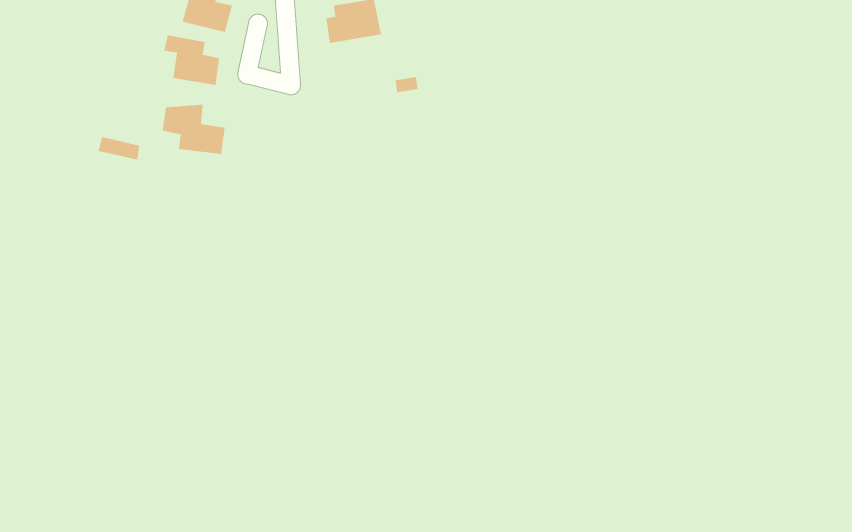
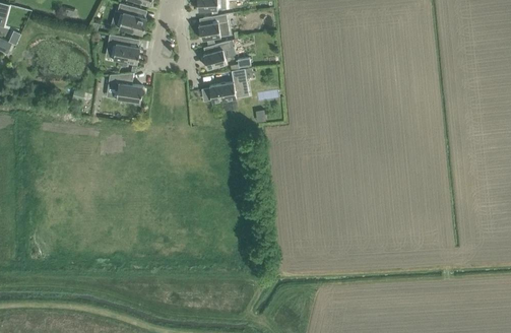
building: none -> [202,41,233,69]
building: none -> [202,69,249,102]

